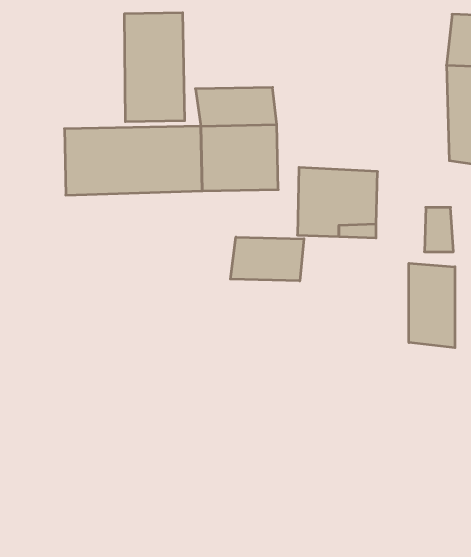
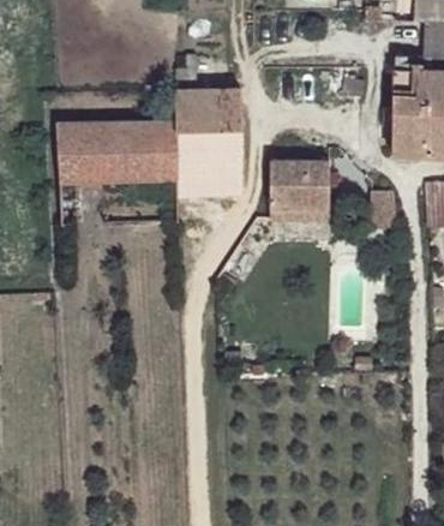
building: [125,13,185,122] -> none
building: [230,237,304,281] -> none
building: [409,263,455,348] -> none

